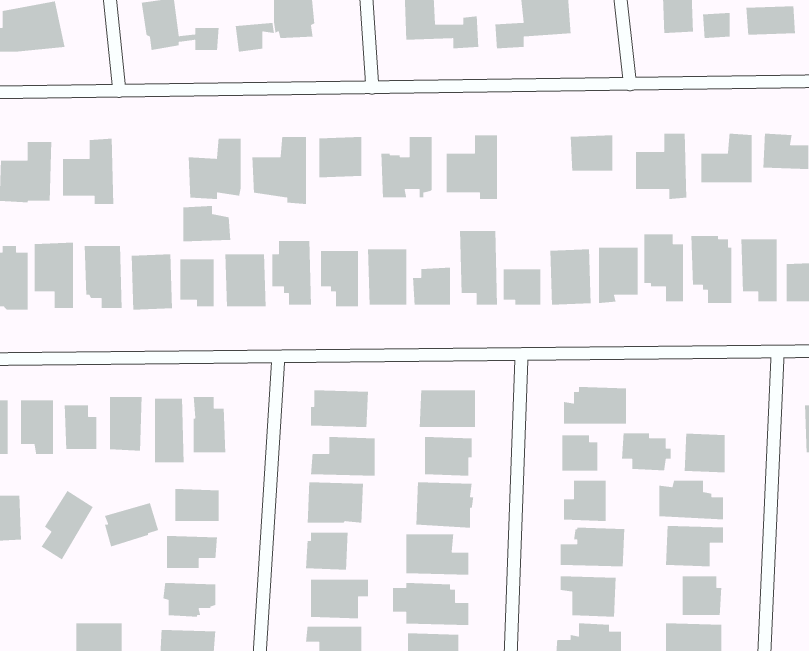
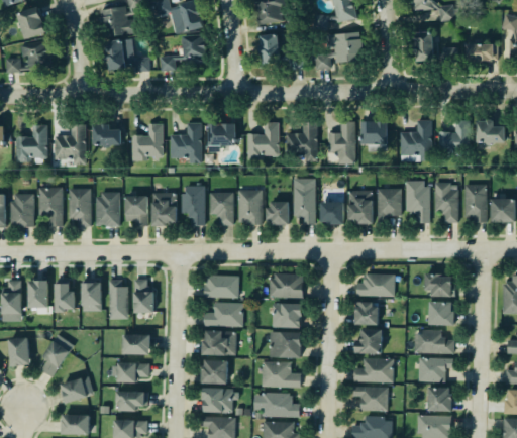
building: none -> [327,121,354,162]
building: [183,205,231,242] -> [93,123,122,145]
building: [621,433,672,471] -> [425,273,455,297]
building: [104,502,159,547] -> [60,376,93,404]

